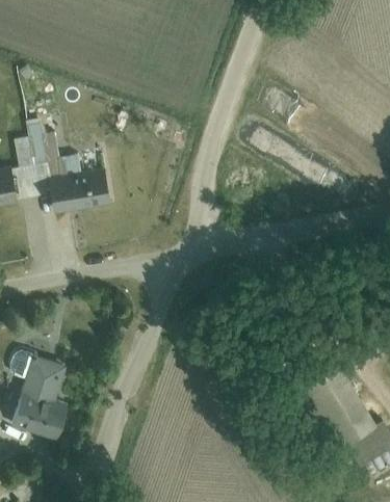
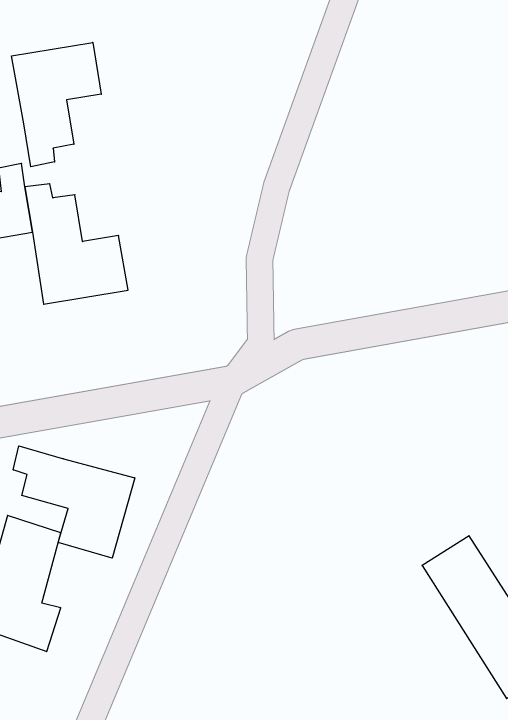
building: none -> [12,42,101,167]
building: none -> [13,446,135,558]

